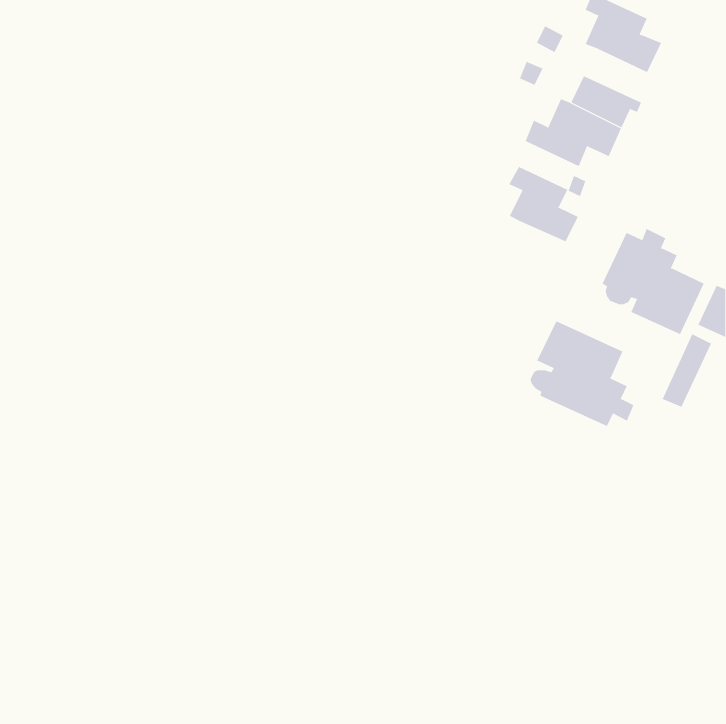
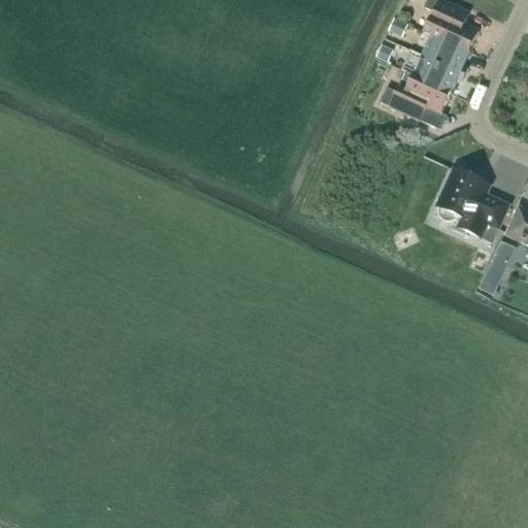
building: none -> [422,35,468,74]
building: [509,166,578,242] -> none
building: [530,320,634,427] -> none

